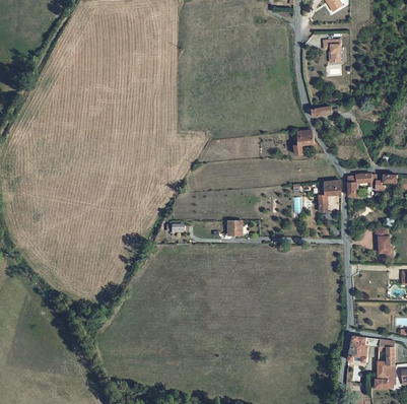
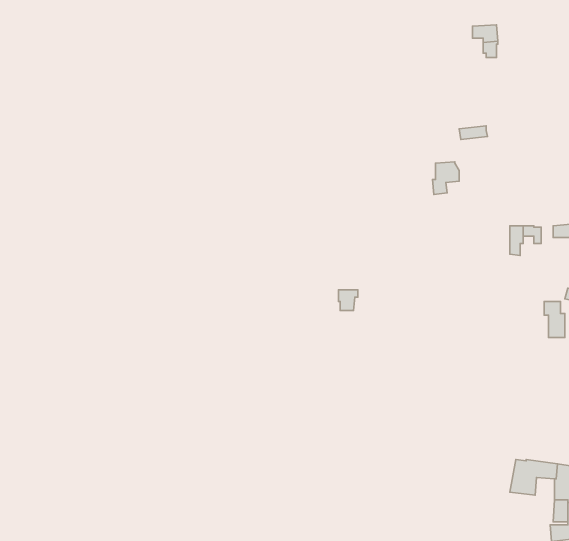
building: [321,182,341,214] -> none

